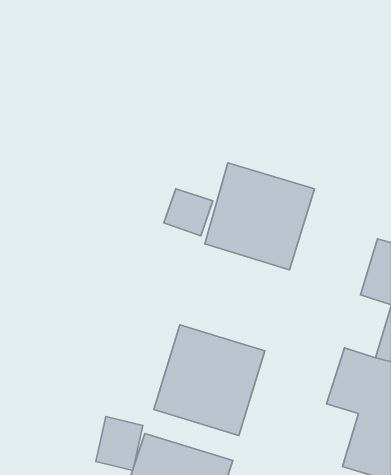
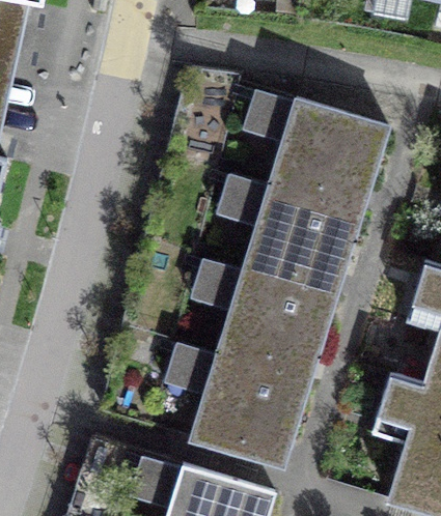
building: none -> [270,102,387,209]
building: none -> [220,266,334,377]

